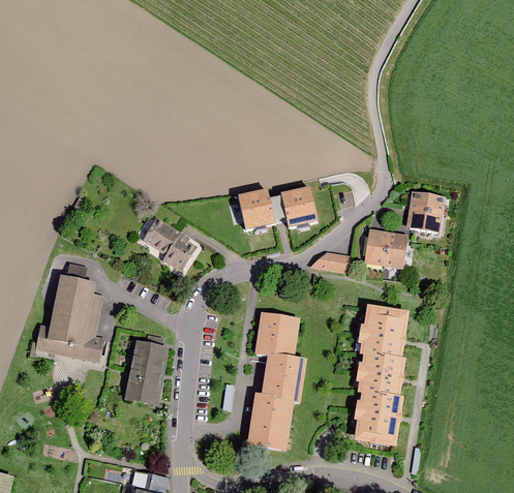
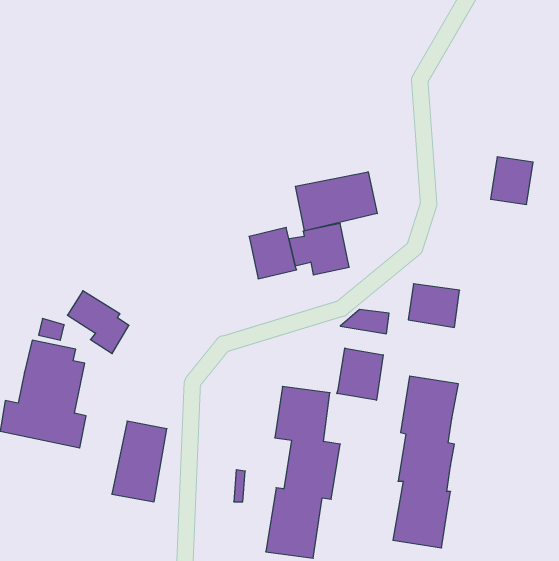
building: none -> [295,172,377,231]
building: [406,193,441,232] -> [491,157,533,204]
building: [144,220,193,271] -> [67,291,129,354]
building: none -> [337,348,383,400]

